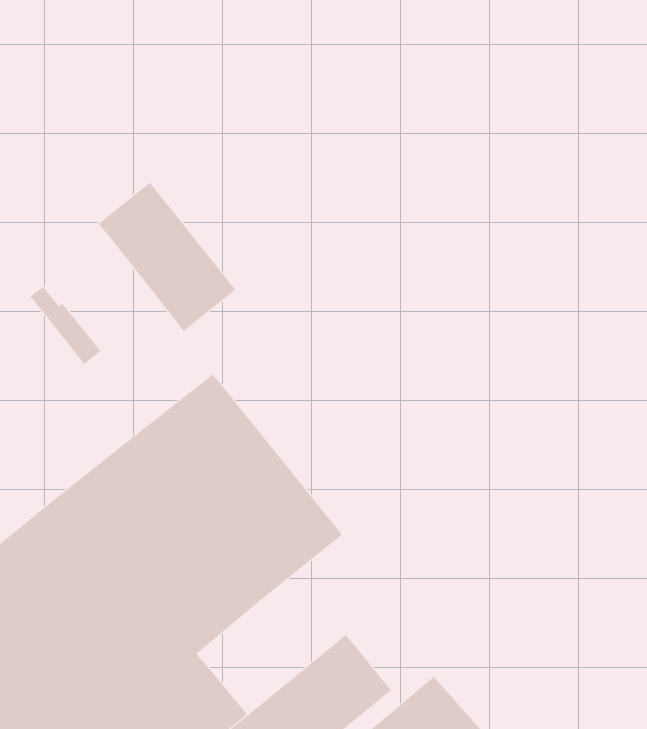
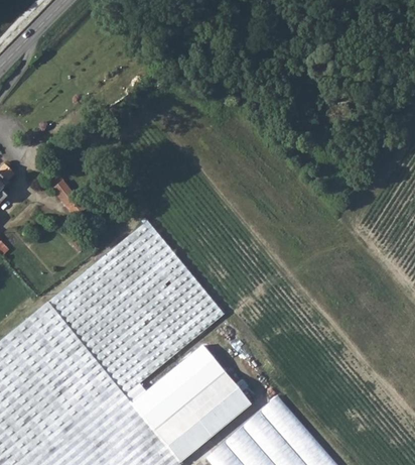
building: [98,182,236,332] -> none
building: none -> [144,346,225,419]

